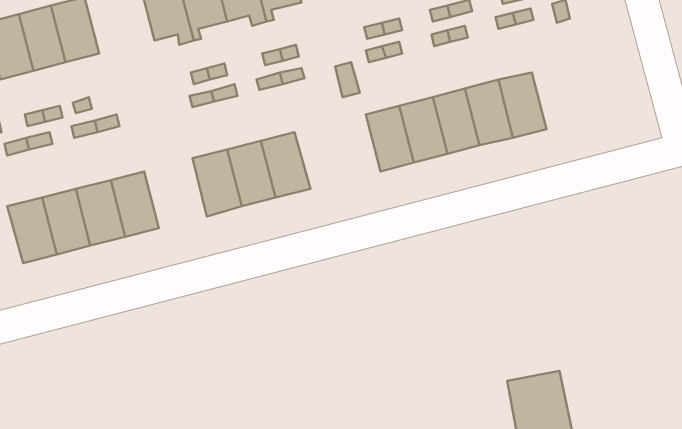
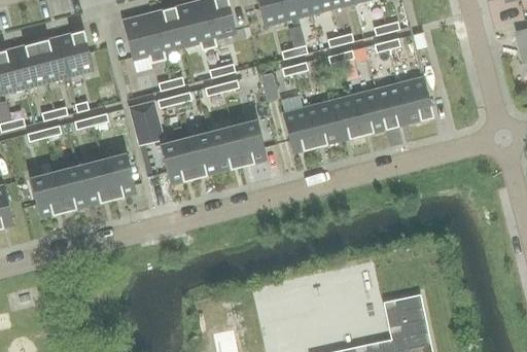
building: none -> [399,77,433,124]
building: none -> [131,103,164,145]
building: none -> [232,119,267,166]

